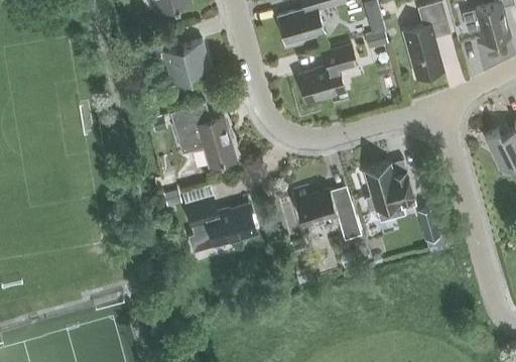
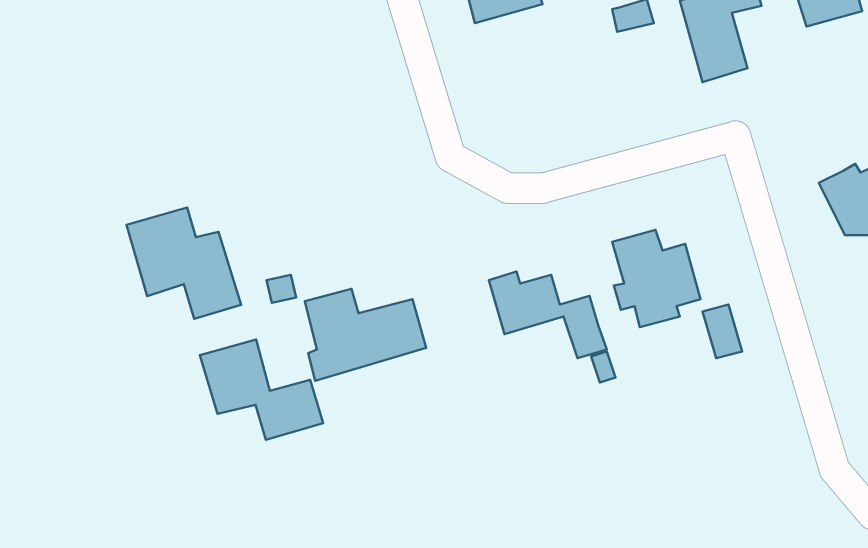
building: [145,36,210,84] -> none
building: [299,45,357,102] -> none
building: [170,103,237,167] -> [126,208,241,319]
building: none -> [200,340,323,440]

